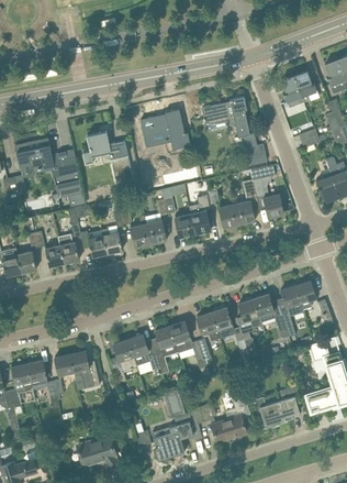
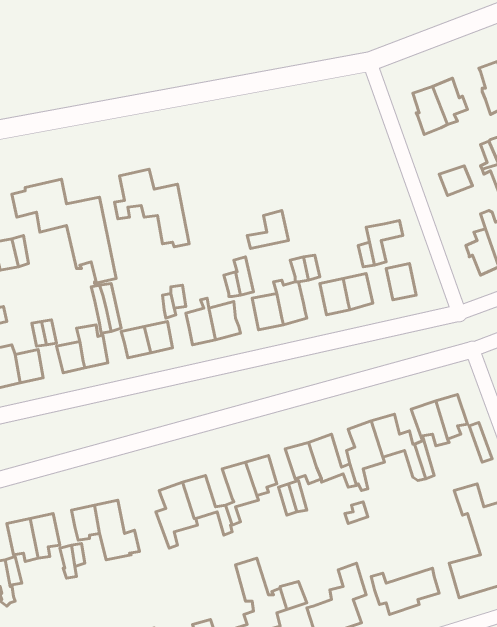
building: [202,97,267,166] -> none
building: [141,109,191,150] -> none

